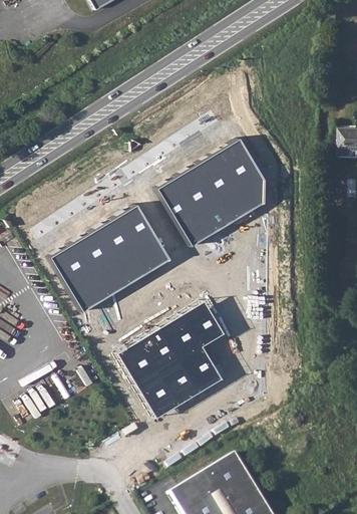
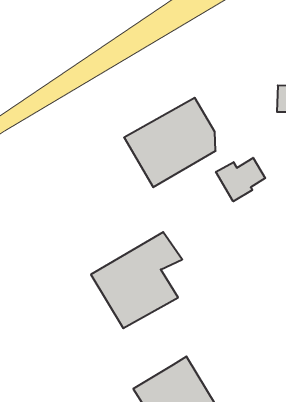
building: [51,204,172,311] -> none
building: none -> [216,158,265,201]

